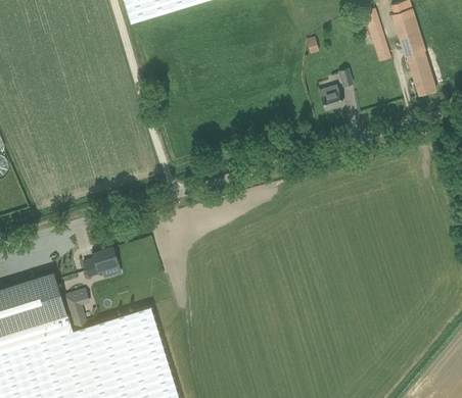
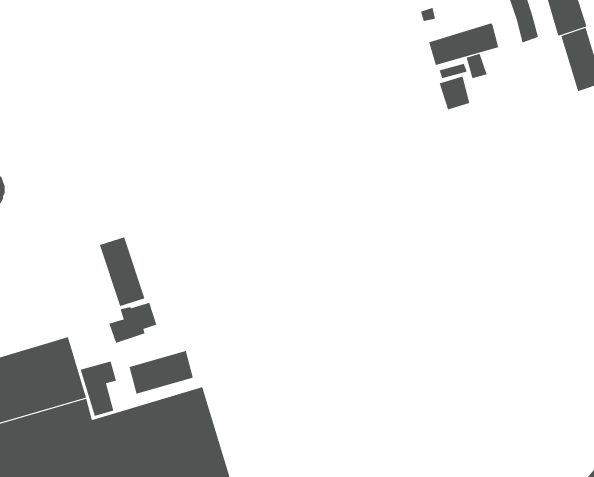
building: none -> [428,23,499,66]
building: none -> [99,237,145,307]
building: none -> [129,350,194,394]

